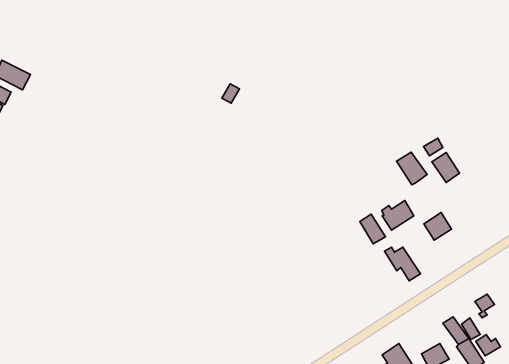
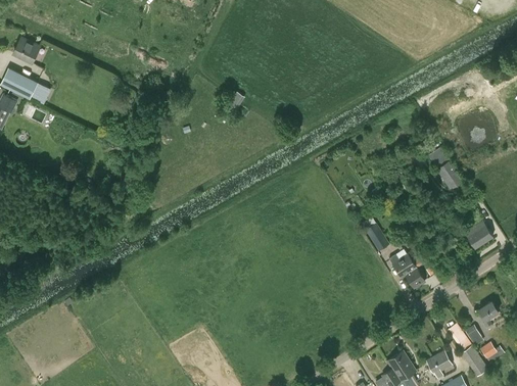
building: none -> [12,37,40,63]
building: [397,152,427,185] -> none
building: [382,201,414,230] -> none
building: [424,213,452,240] -> [464,221,491,248]

